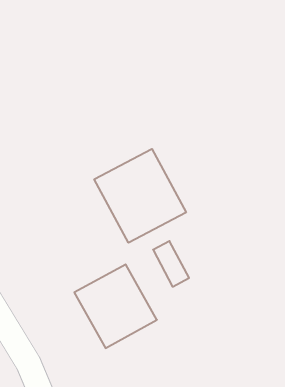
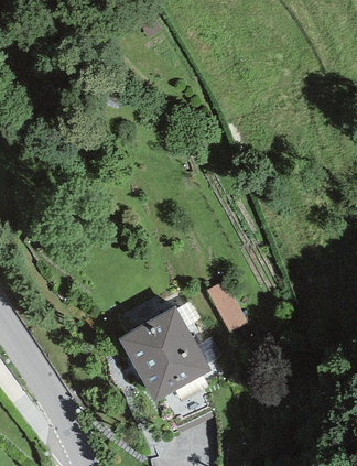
building: [94,149,186,243] -> none

